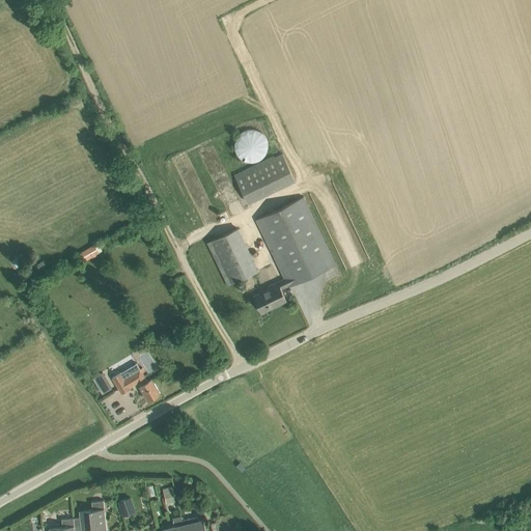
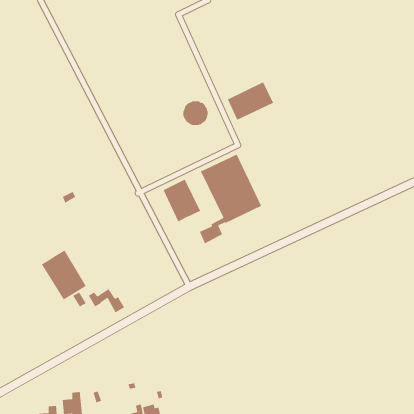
building: [233,152,294,203] -> [227,81,274,121]
building: none -> [41,249,87,300]

